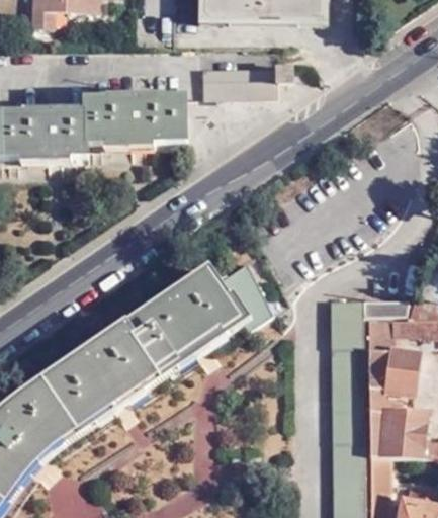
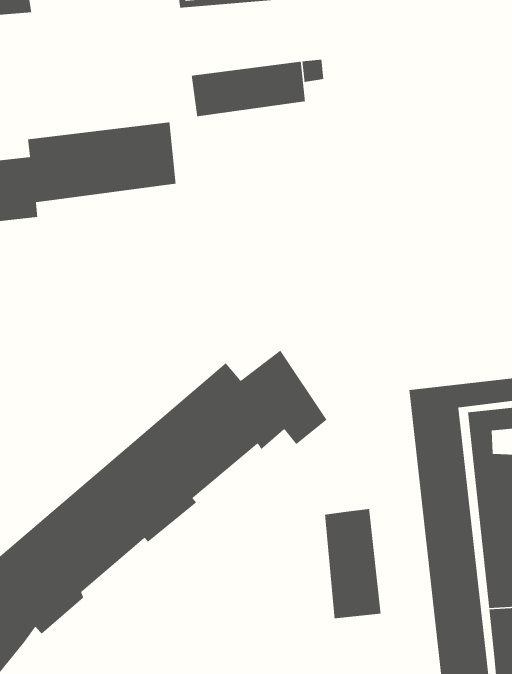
building: none -> [324,508,382,619]

